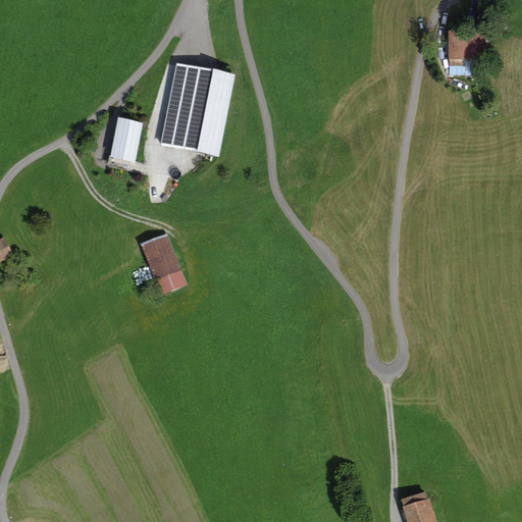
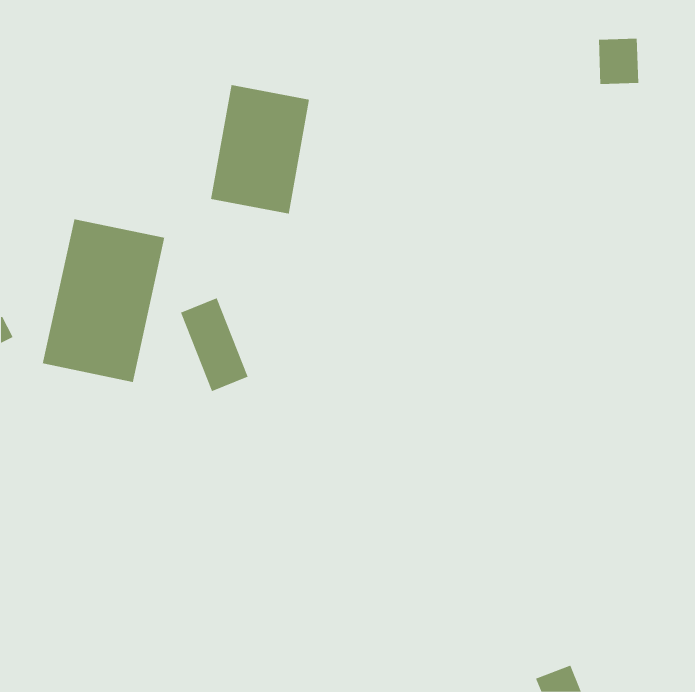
building: [107,117,140,164] -> none
building: none -> [42,218,165,383]

